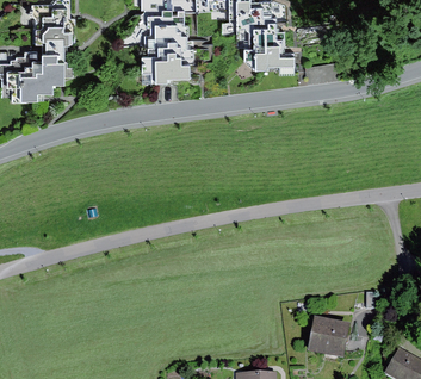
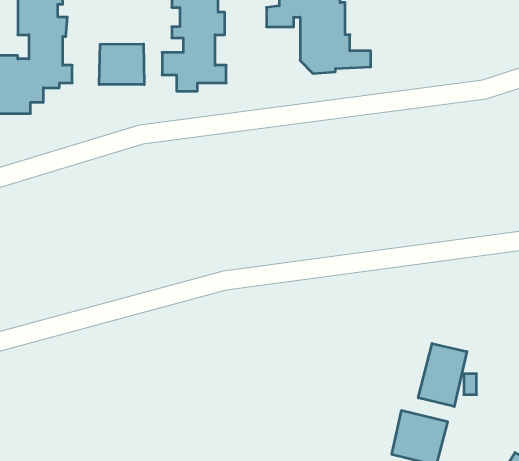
building: none -> [99,44,144,85]
building: none -> [418,343,467,407]

